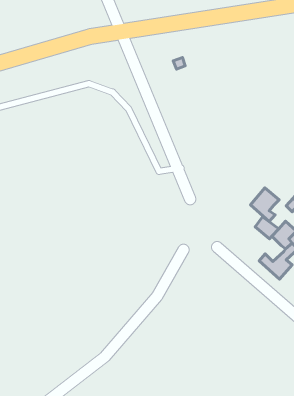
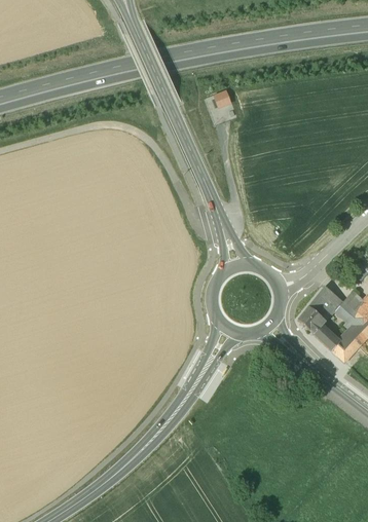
building: [251,188,279,222] -> [298,298,333,339]

